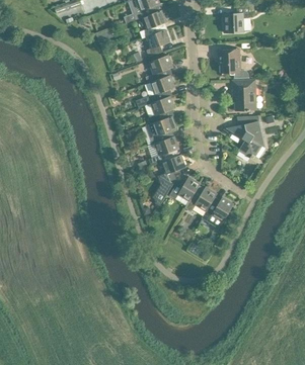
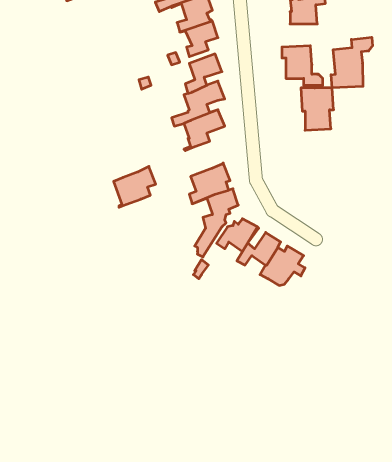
building: none -> [331,37,373,88]
building: [146,114,177,145] -> [114,166,156,207]
building: [239,120,265,158] -> none

